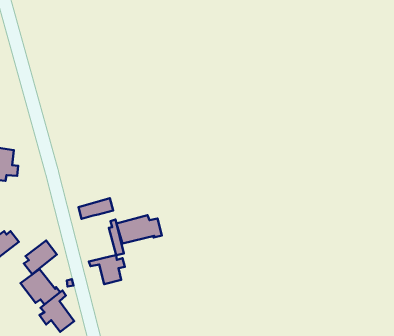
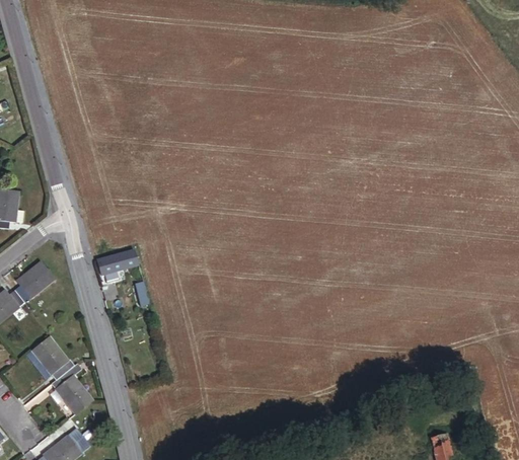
building: [116,215,162,244] -> none
building: [24,240,57,274] -> [14,260,55,302]
building: [89,255,125,284] -> none

